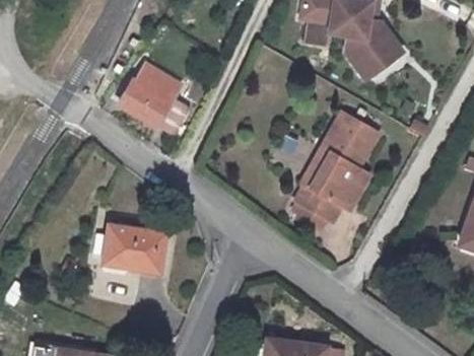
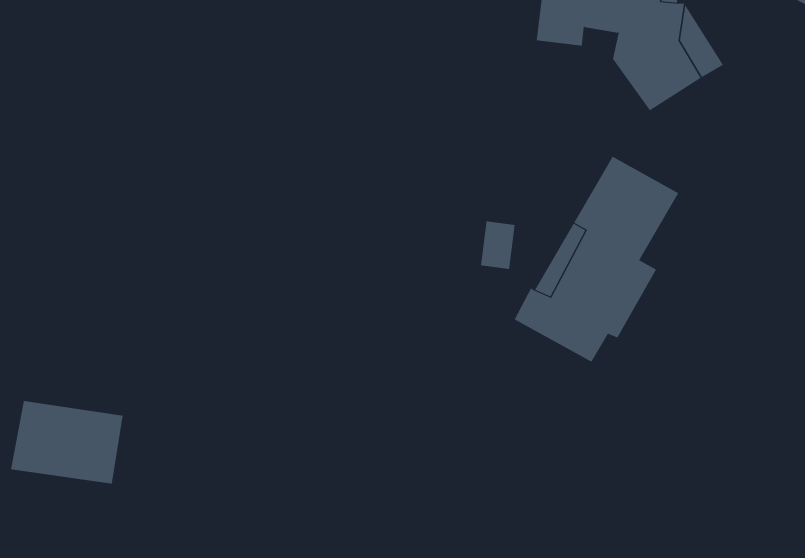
building: [116,70,188,139] -> none
building: [101,226,163,272] -> [10,401,124,484]

